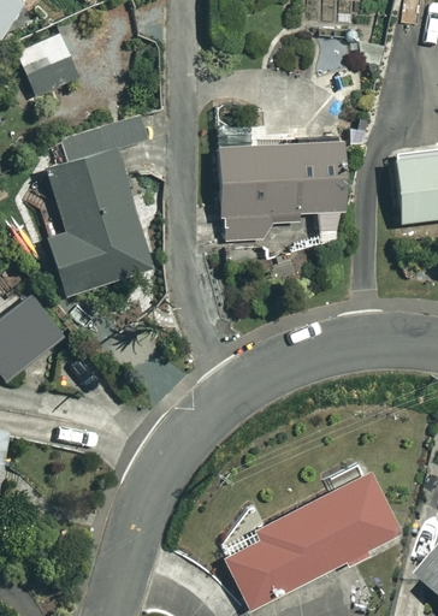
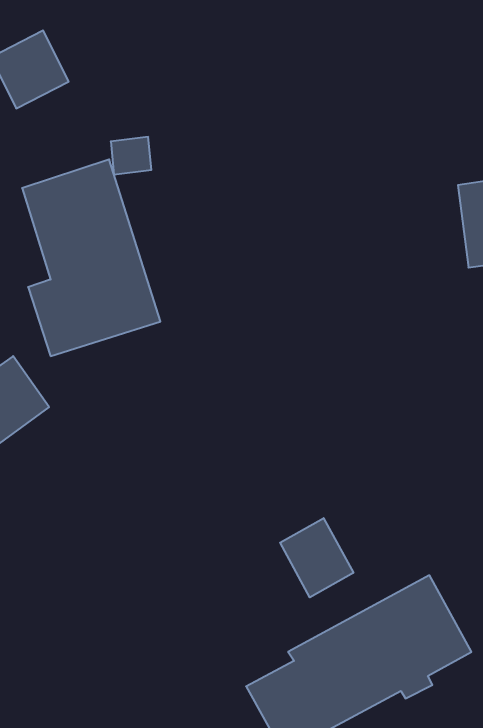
building: [215,135,343,244] -> none
building: none -> [280,518,353,597]

